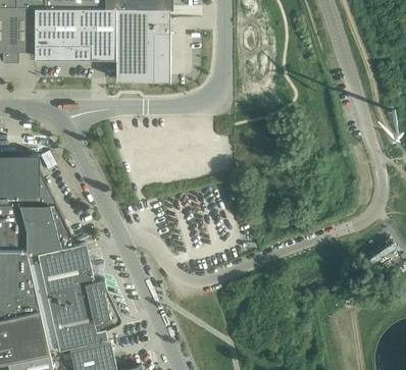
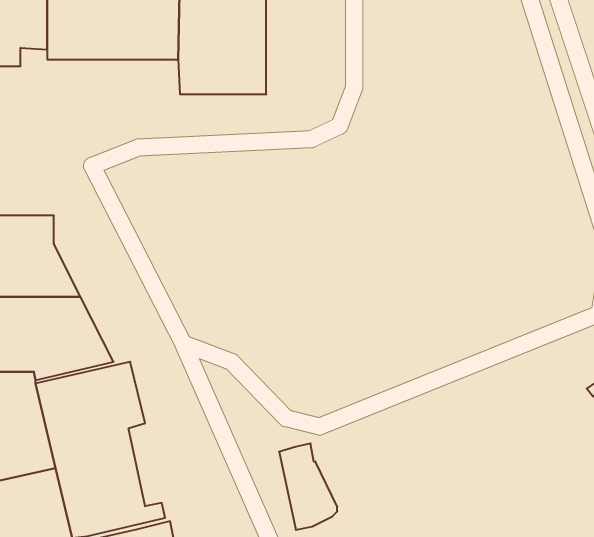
building: [85,280,120,333] -> [279,443,337,530]

